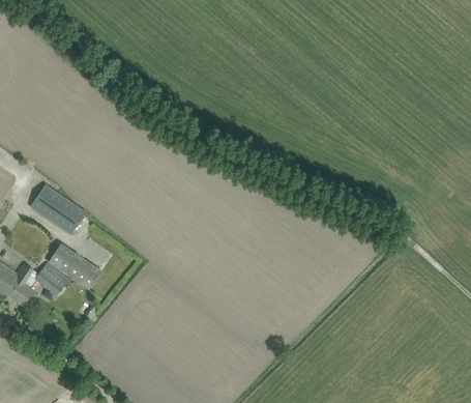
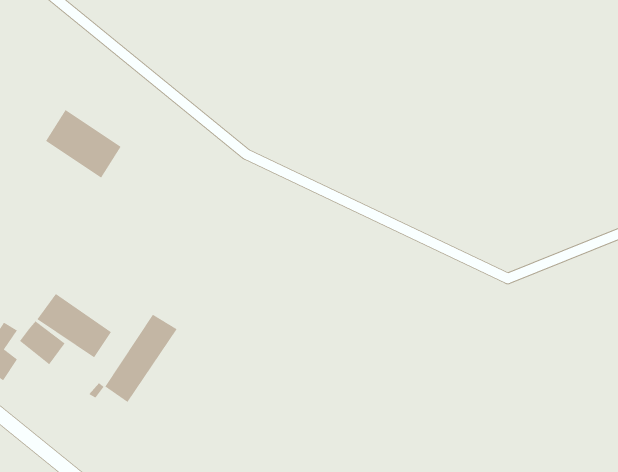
building: [30,184,85,234] -> [45,109,122,179]
building: none -> [105,314,177,403]

